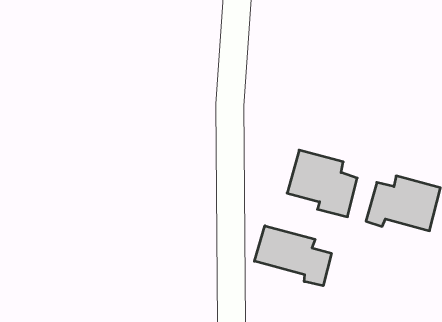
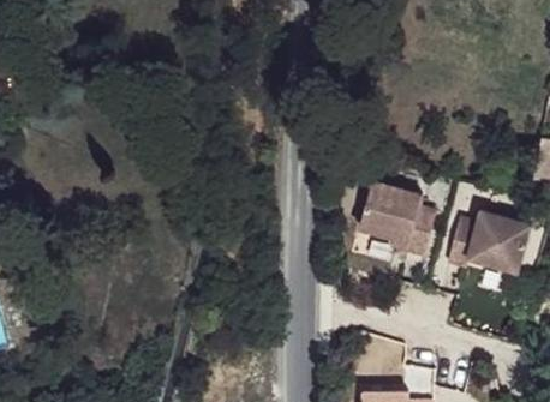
building: [254,226,331,286] -> none

